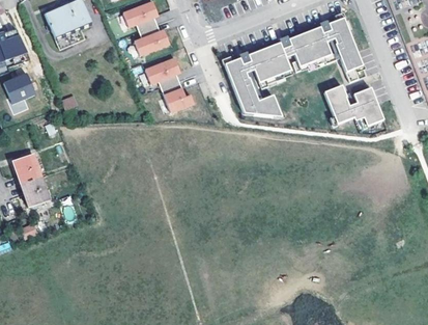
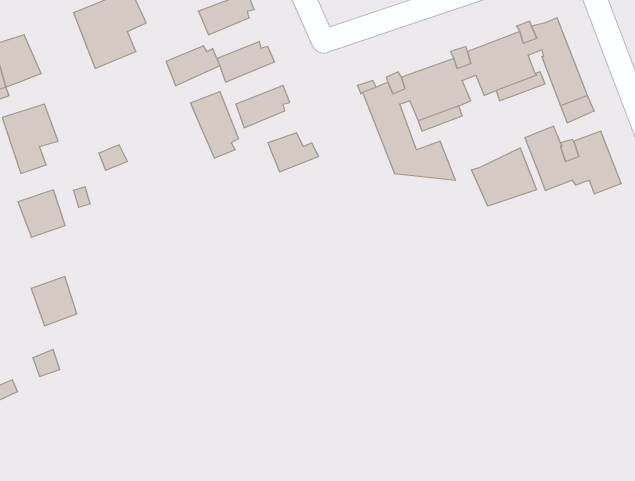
building: none -> [166,46,220,86]
building: none -> [191,92,238,158]
building: none -> [471,148,537,206]
building: [11,154,40,183] -> [18,190,65,237]

